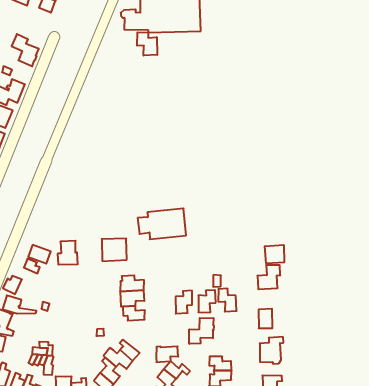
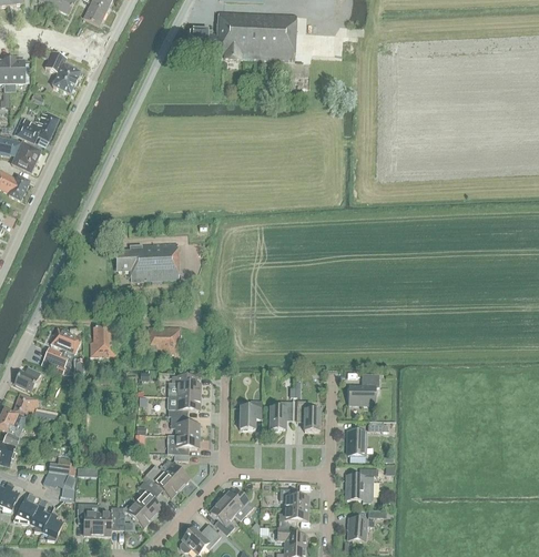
building: [137,32,157,56] -> none
building: [138,208,186,239] -> [115,242,177,280]
building: [265,245,284,263] -> none
building: [189,318,214,344] -> none
building: [156,346,178,362] -> [169,433,197,453]

